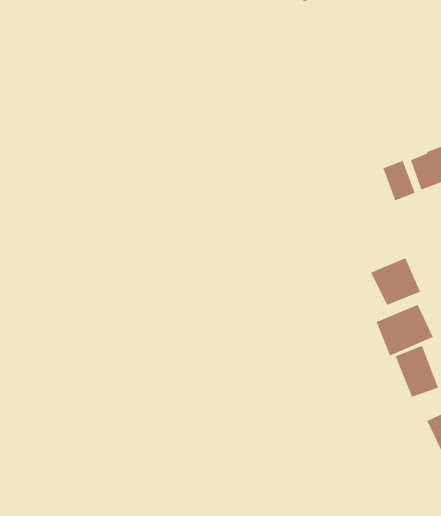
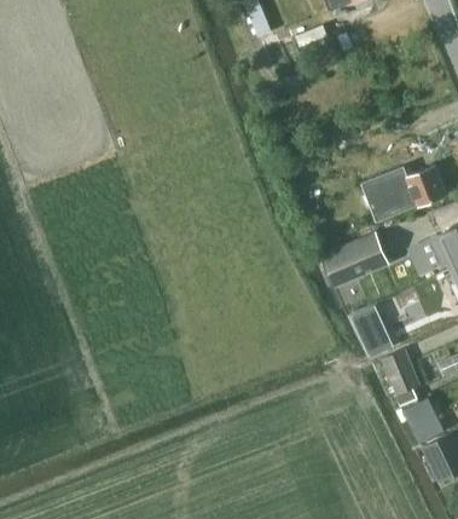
building: none -> [319,232,389,289]

